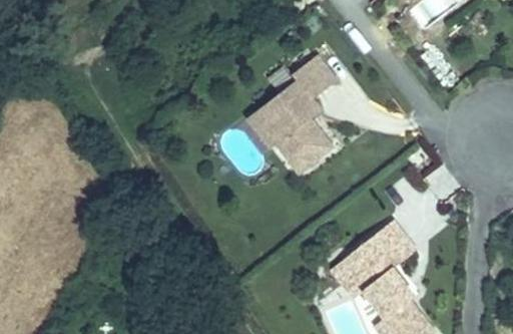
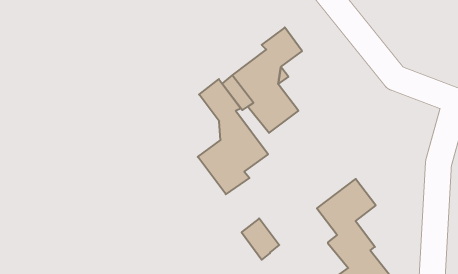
building: none -> [198,79,268,194]
building: [333,254,374,299] -> [242,218,279,260]

